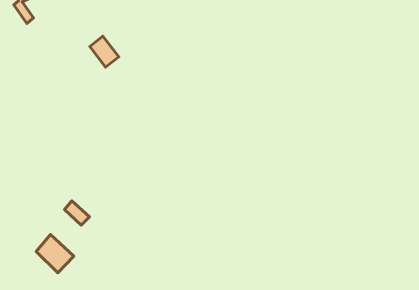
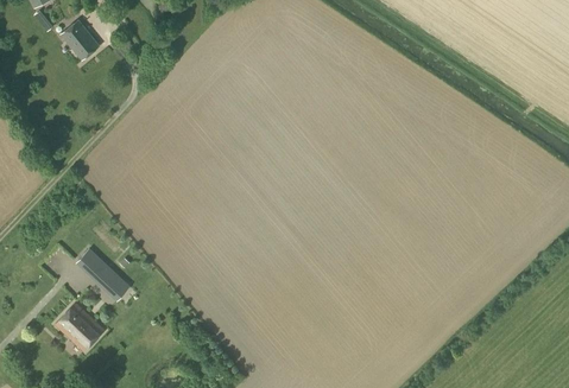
building: [90,36,119,67] -> [62,20,99,59]

